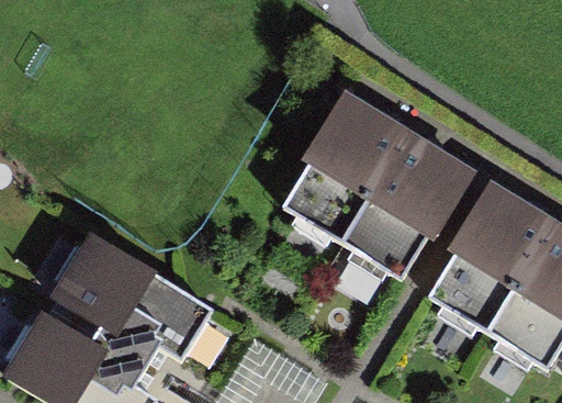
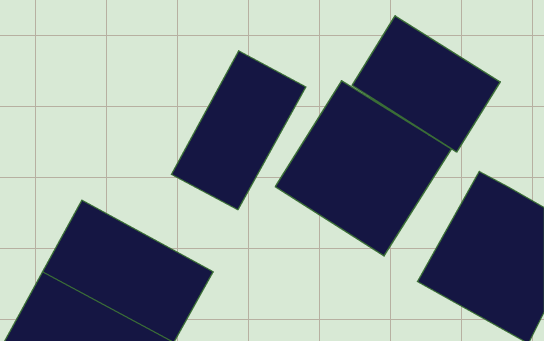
building: none -> [352,16,500,152]
building: none -> [171,51,306,210]

